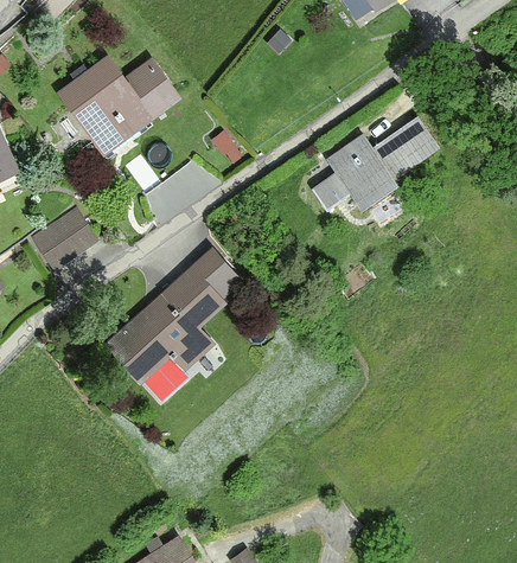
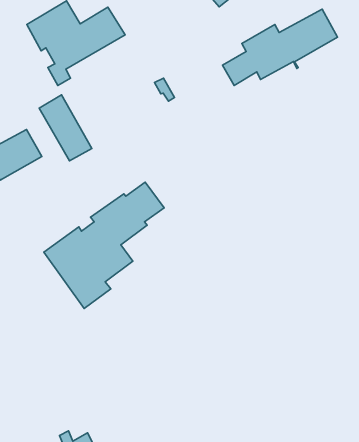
building: [312,116,436,211] -> [222,9,338,86]
building: none -> [39,95,92,161]

